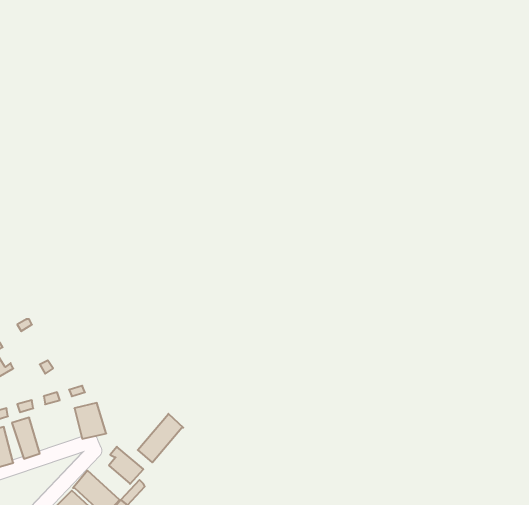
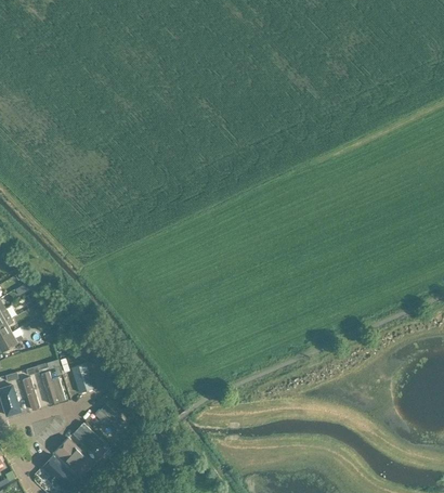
building: none -> [40,373,66,410]
building: [138,414,183,462] -> none

